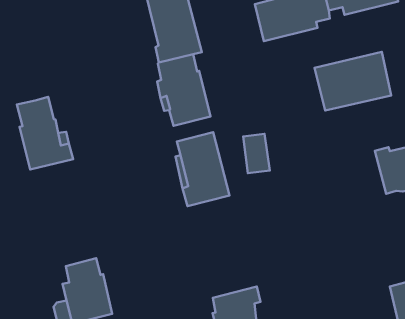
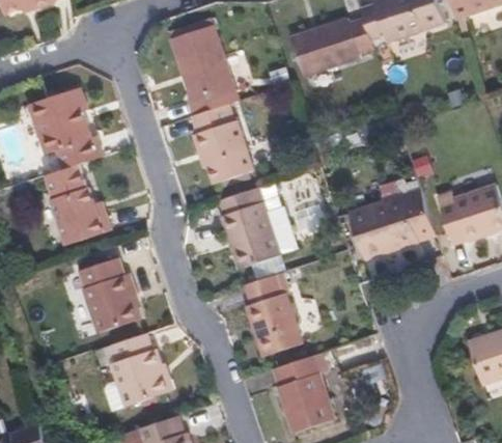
building: none -> [28,86,104,168]
building: [314,52,391,111] -> [348,183,435,252]
building: none -> [79,259,140,334]
building: none -> [245,276,304,358]

